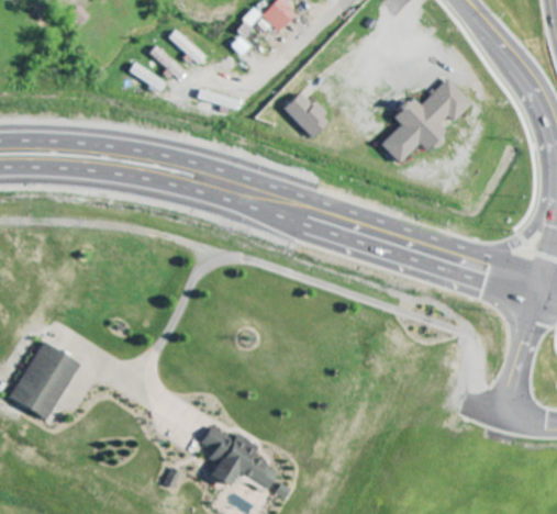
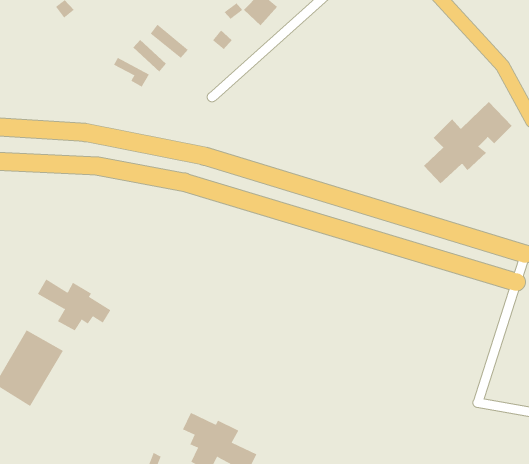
building: [381,78,472,163] -> [423,101,512,184]
building: [283,92,331,137] -> none
building: none -> [37,279,111,331]

